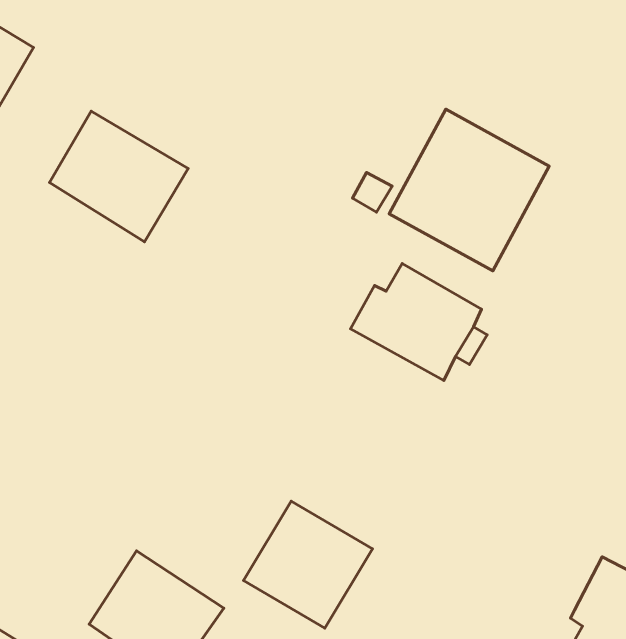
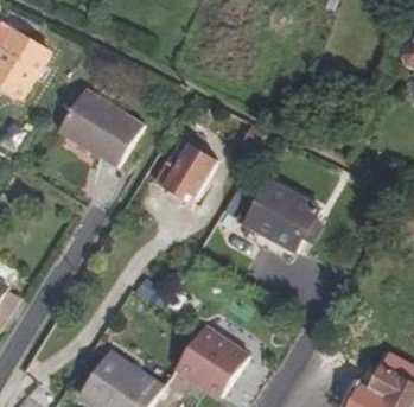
building: [389,109,549,271] -> none
building: none -> [153,138,215,202]

